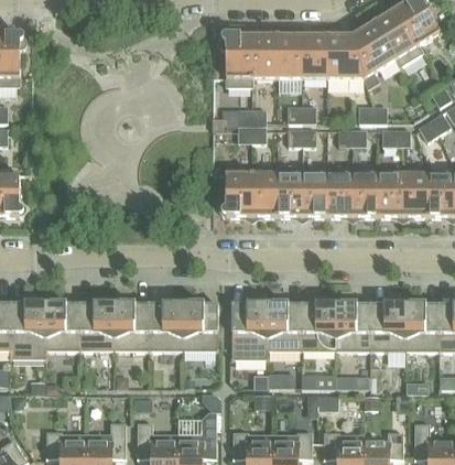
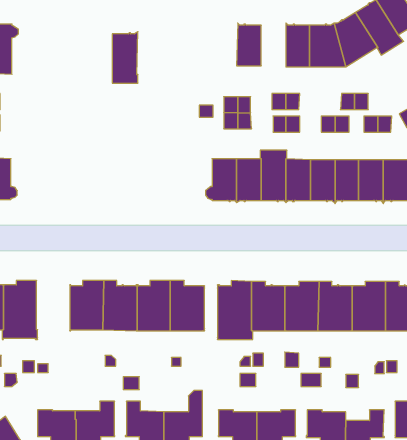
building: [226,32,252,85] -> [112,32,138,83]
building: [277,32,302,77] -> none
building: [45,298,79,348] -> none

